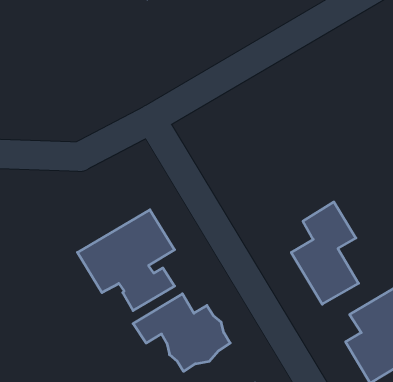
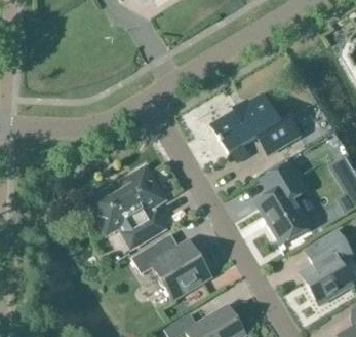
building: none -> [212,96,300,155]

